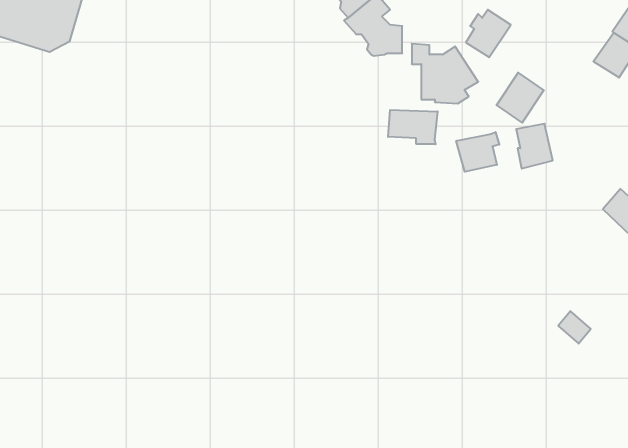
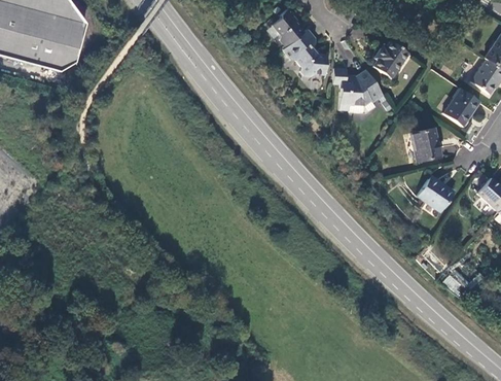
building: [496,73,544,123] -> [443,88,479,126]
building: [388,110,438,144] -> none
building: [456,132,499,172] -> none
building: none -> [418,175,453,217]

